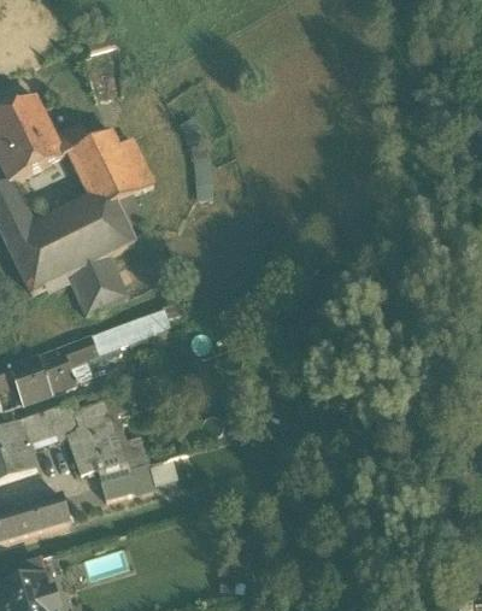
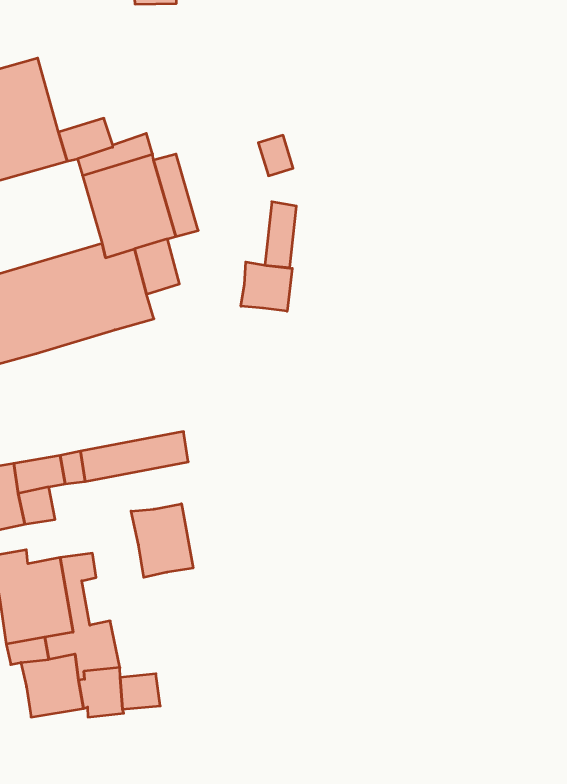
building: none -> [241,262,292,311]
building: [65,255,129,316] -> none
building: none -> [131,504,193,577]

